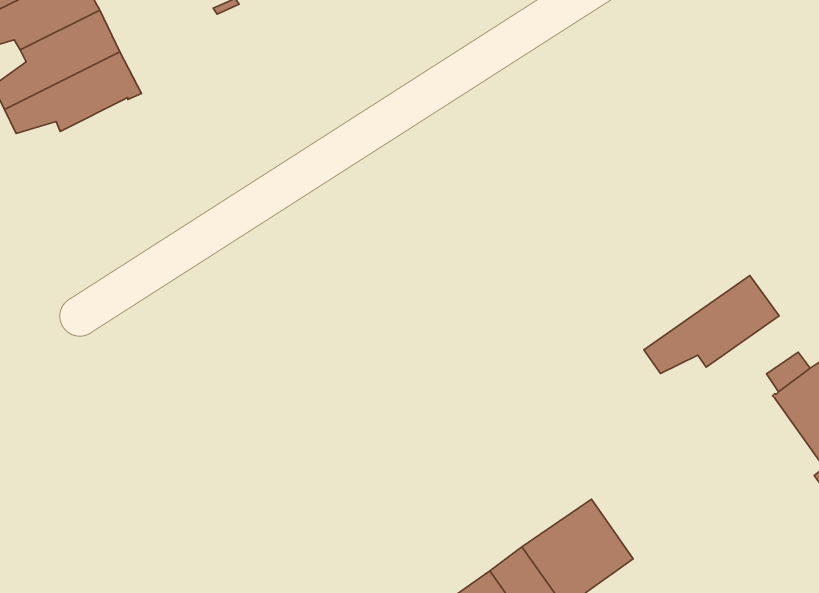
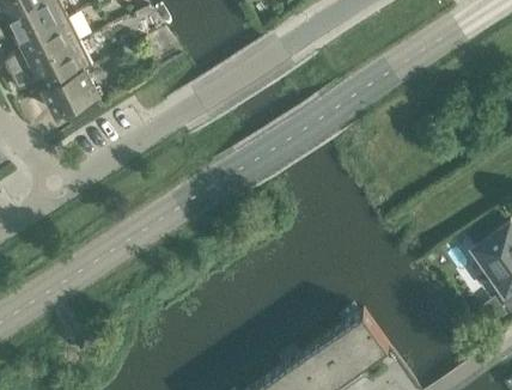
building: none -> [42,71,102,117]
building: [644,276,779,373] -> none

